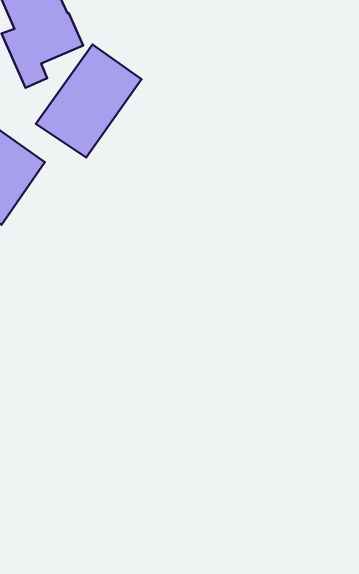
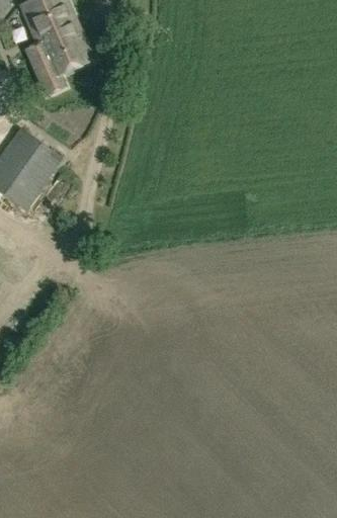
building: [36,45,141,158] -> none

